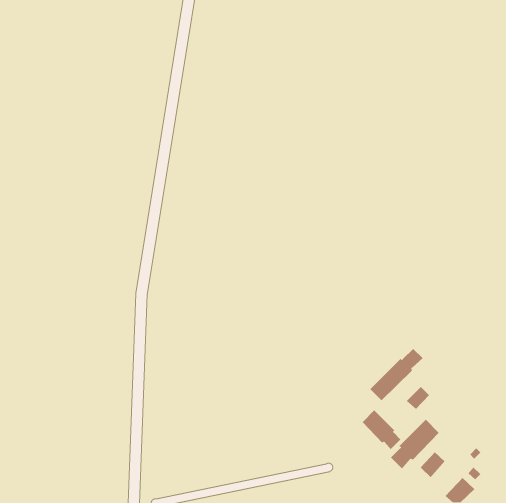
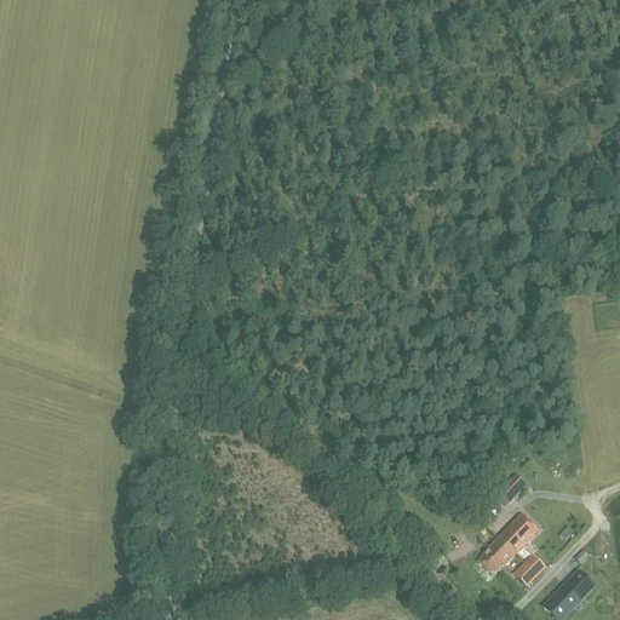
building: [370,348,423,401] -> none
building: [362,410,401,450] -> none

